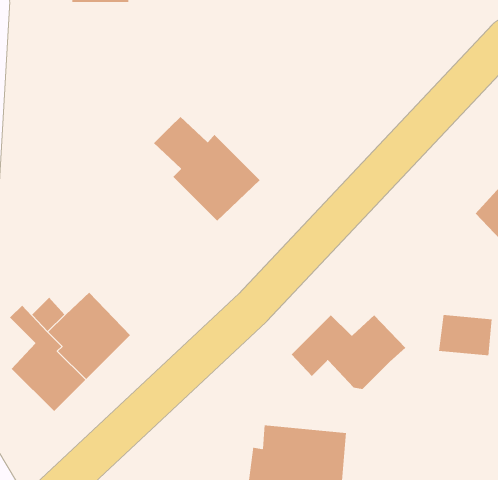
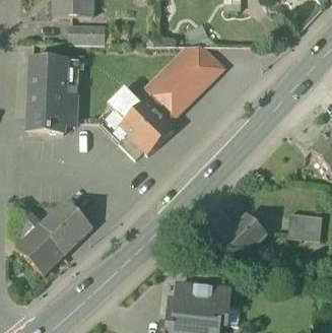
building: none -> [70,25,106,42]
building: none -> [151,46,222,117]
building: none -> [28,58,67,133]

